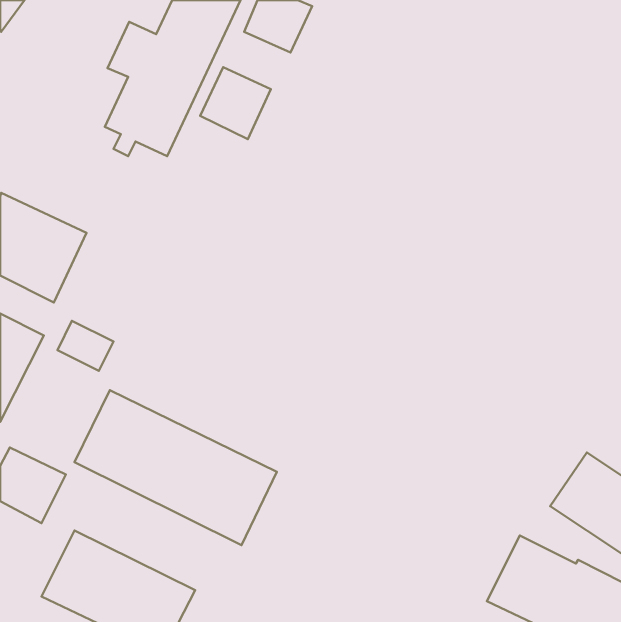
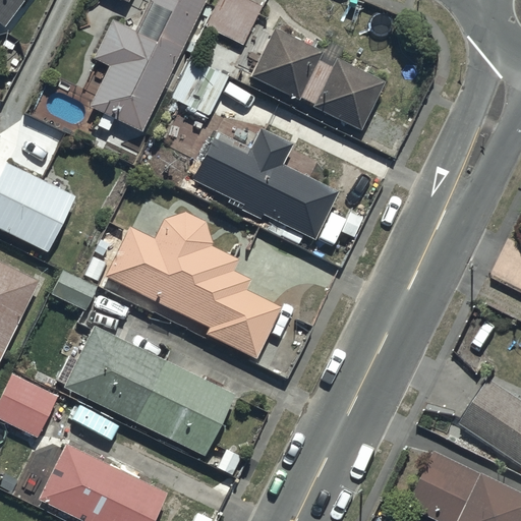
building: none -> [250,28,383,131]
building: none -> [190,128,337,241]
building: none -> [103,215,288,367]

